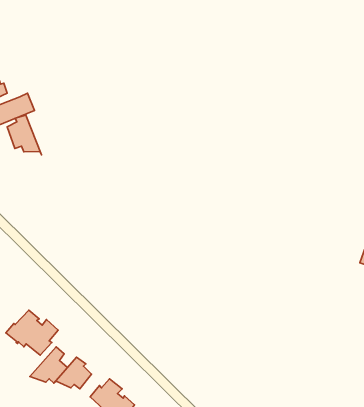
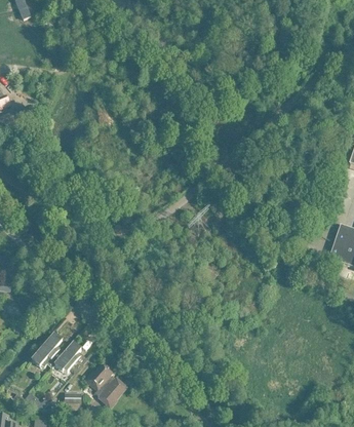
building: [7,115,42,155] -> none
building: [6,310,58,355] -> none

